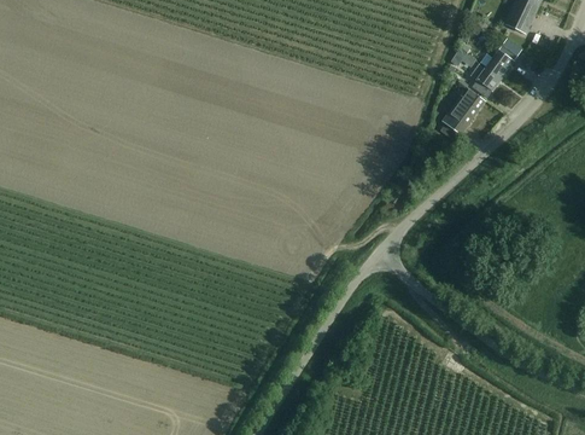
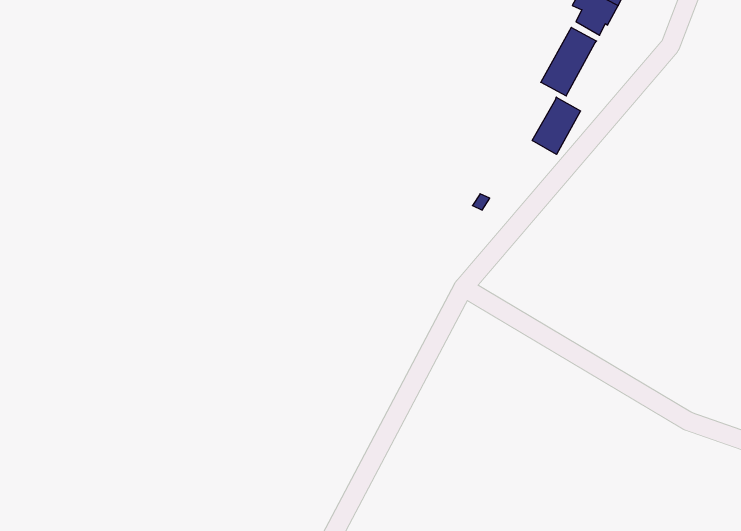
building: none -> [532,97,581,154]

